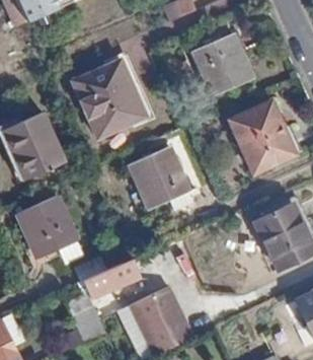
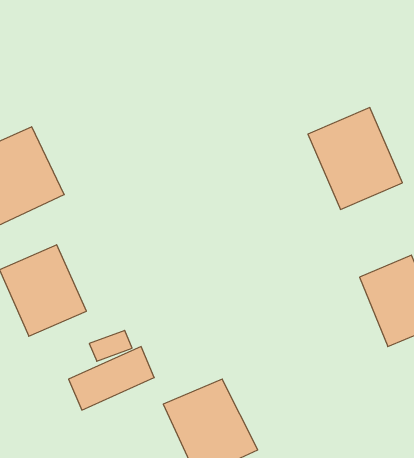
building: [192,30,252,94] -> none
building: [73,60,145,136] -> none
building: [129,145,191,207] -> none

